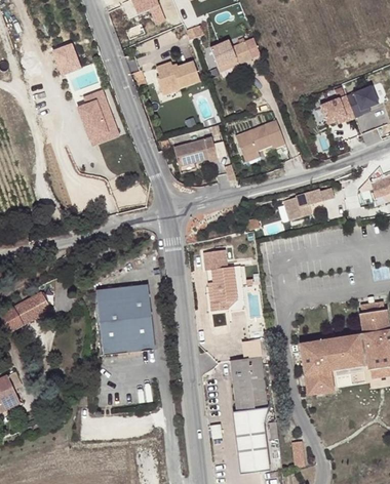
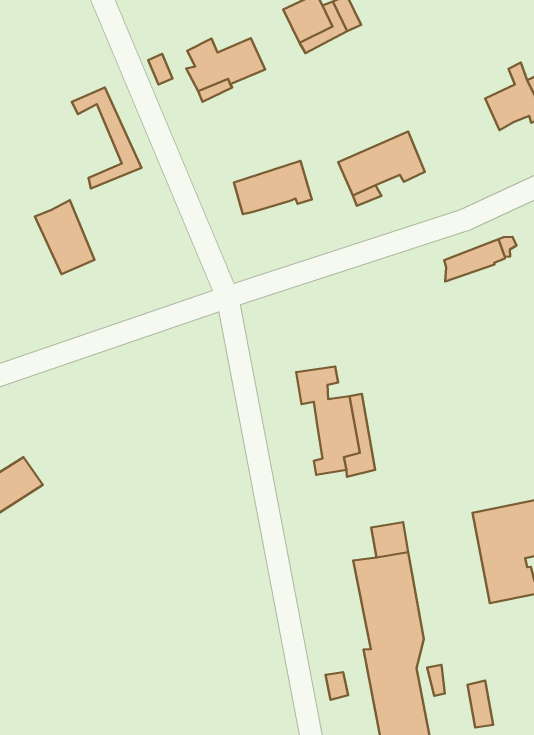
building: [52,41,83,75] -> none
building: [77,96,110,138] -> [35,200,95,274]
building: [100,284,162,359] -> none

